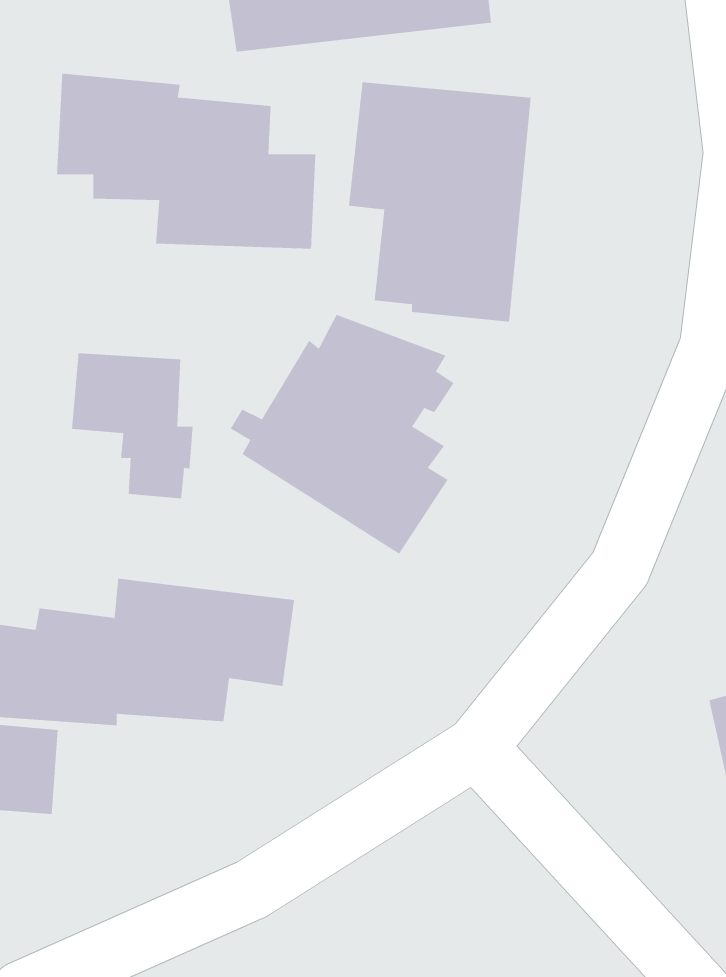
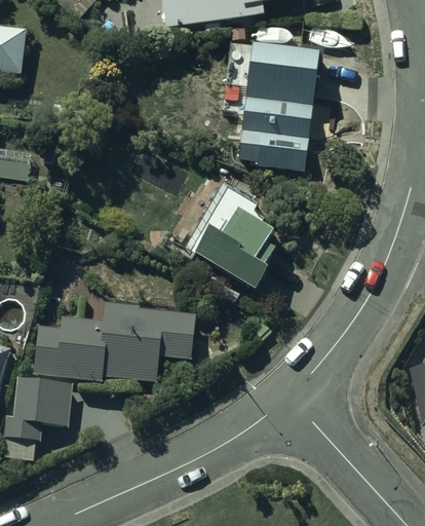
building: [56,73,316,249] -> none
building: [72,352,193,499] -> none

